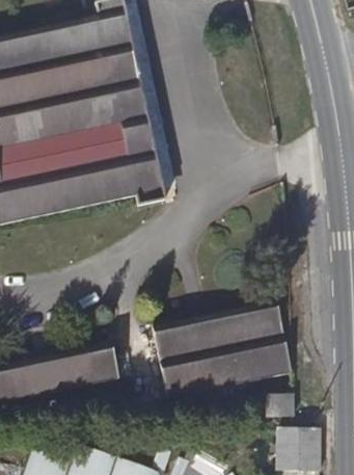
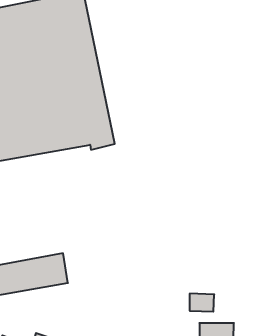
building: [148,299,289,397] -> none

